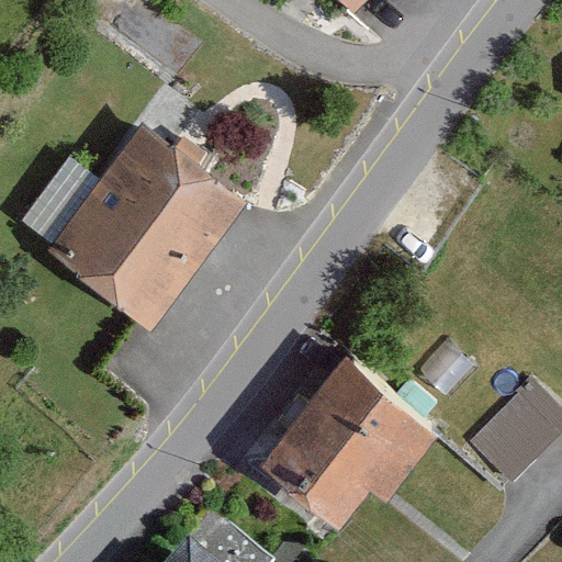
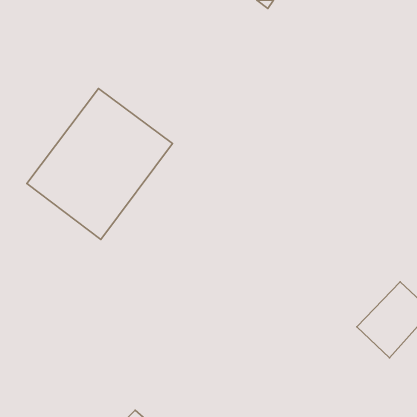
building: [261,357,425,521] -> none

